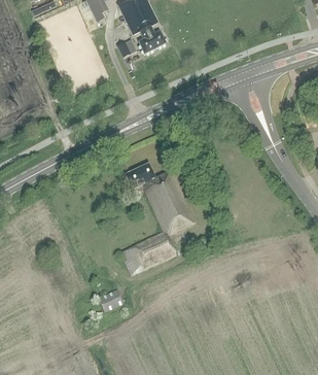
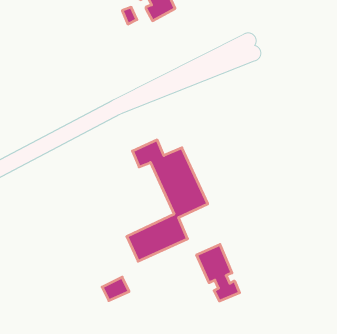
building: none -> [197,244,240,301]

